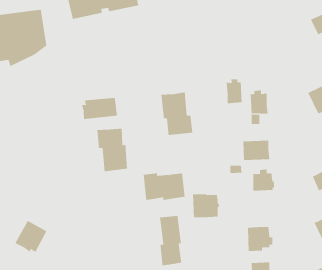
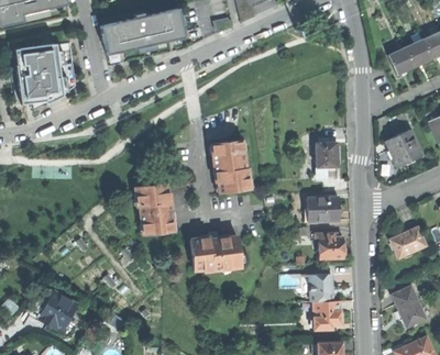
building: [226,79,242,104] -> none
building: [81,97,117,120] -> none
building: [192,194,220,218] -> [301,271,334,300]
building: [159,215,182,266] -> none

